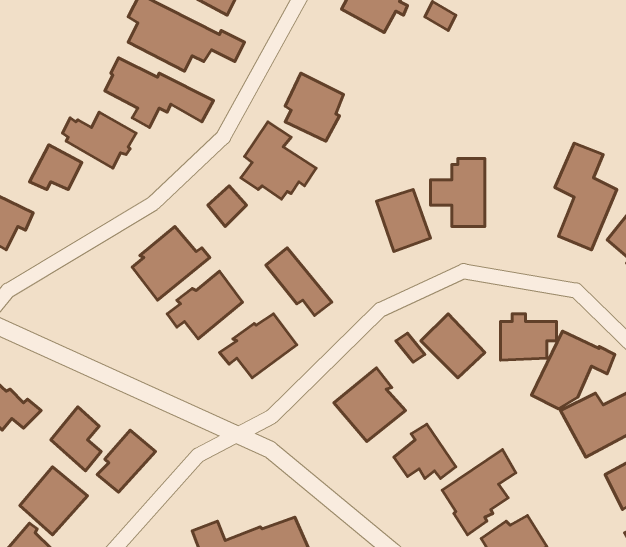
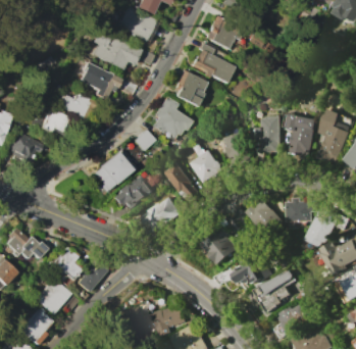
building: none -> [192,43,234,83]
building: none -> [284,113,316,155]
building: none -> [190,144,222,183]

